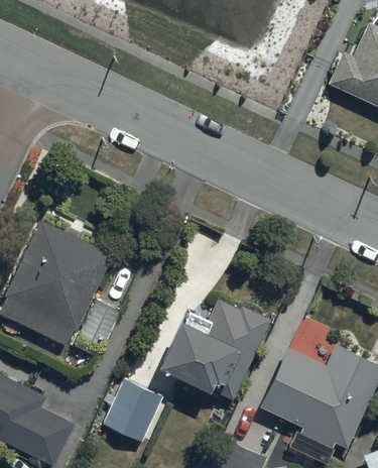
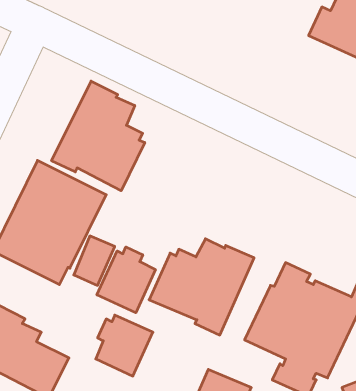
building: none -> [52,81,145,191]
building: none -> [97,247,155,313]

